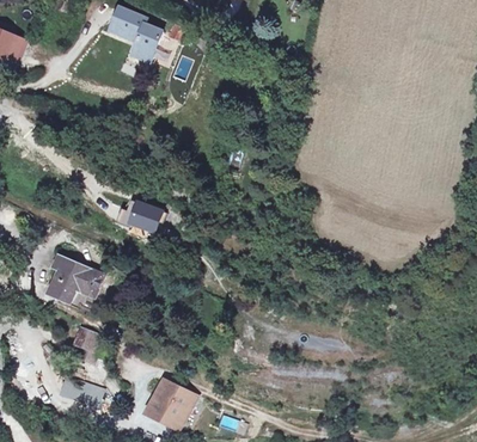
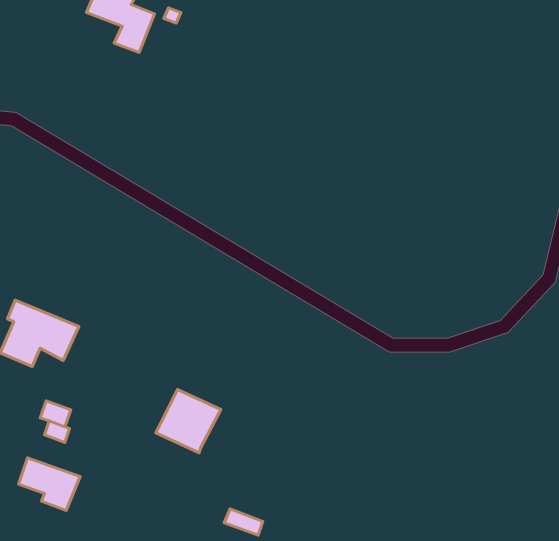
building: [117,199,166,232] -> none
building: [146,380,196,429] -> [156,389,221,453]

